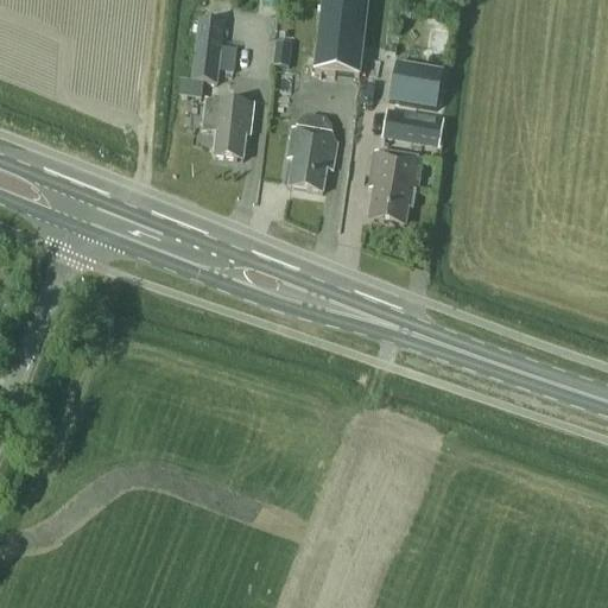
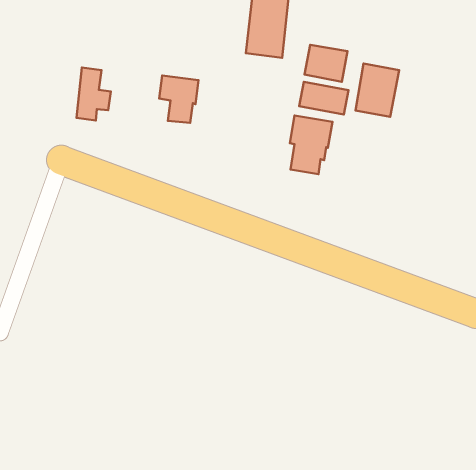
building: [192,14,236,82] -> [76,67,111,120]
building: none -> [355,63,399,117]
building: [289,112,337,189] -> none

